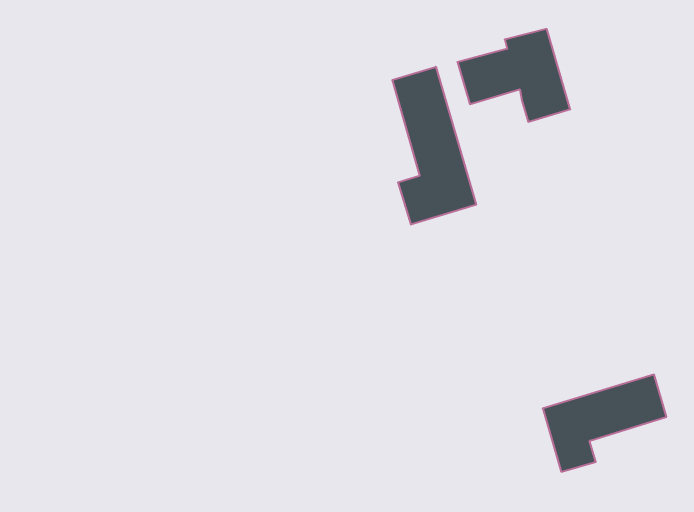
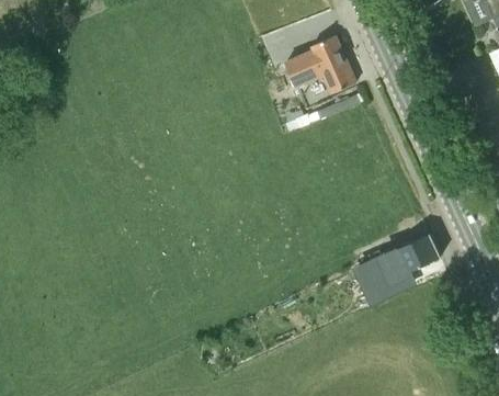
building: [392,67,476,225] -> none

